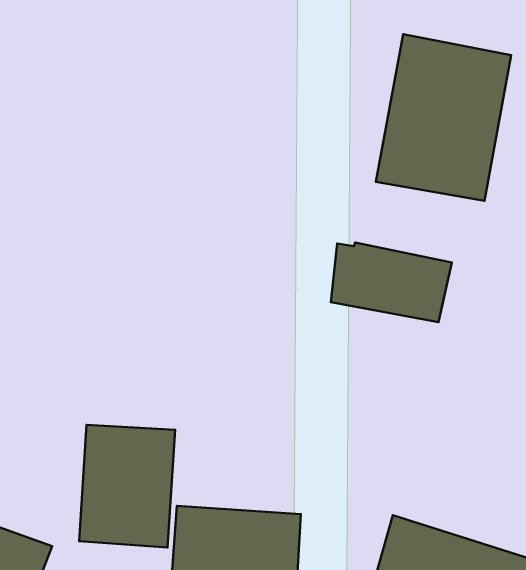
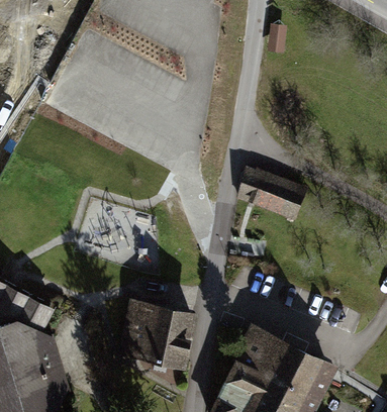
building: [376,34,511,201] -> none
building: [79,425,175,548] -> none

